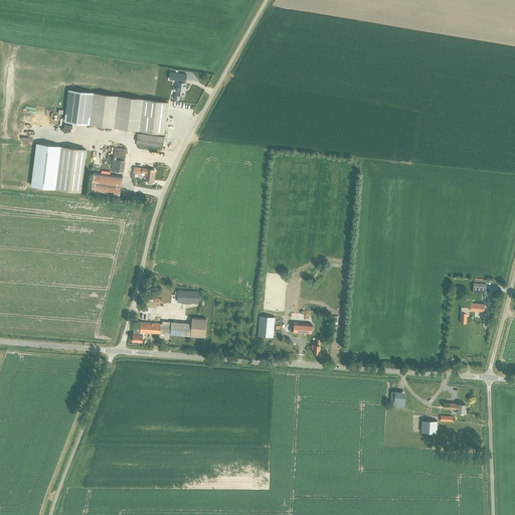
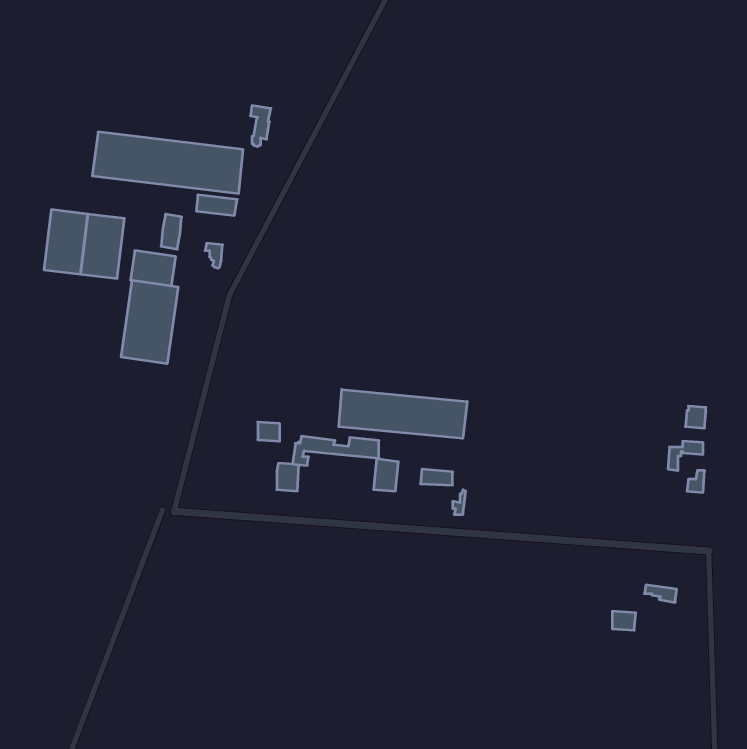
building: none -> [121,280,178,364]
building: none -> [339,389,467,438]
building: [131,321,190,341] -> [293,436,379,465]

